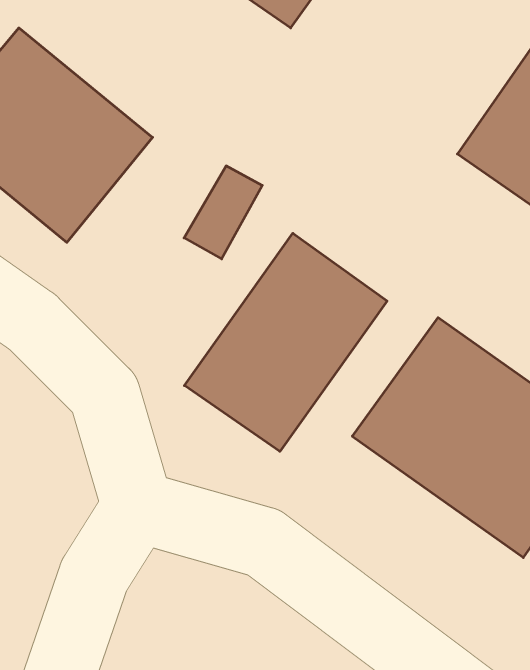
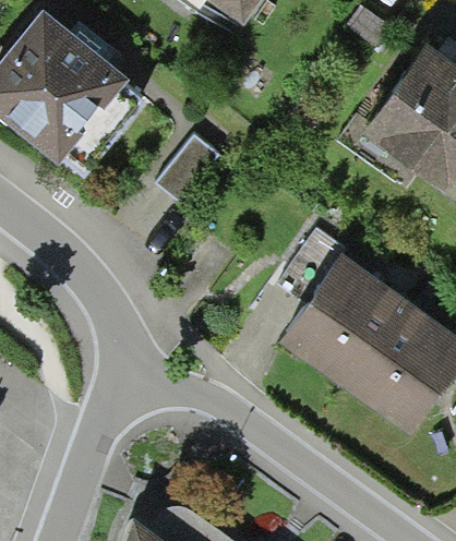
building: [184,233,387,451] -> none

